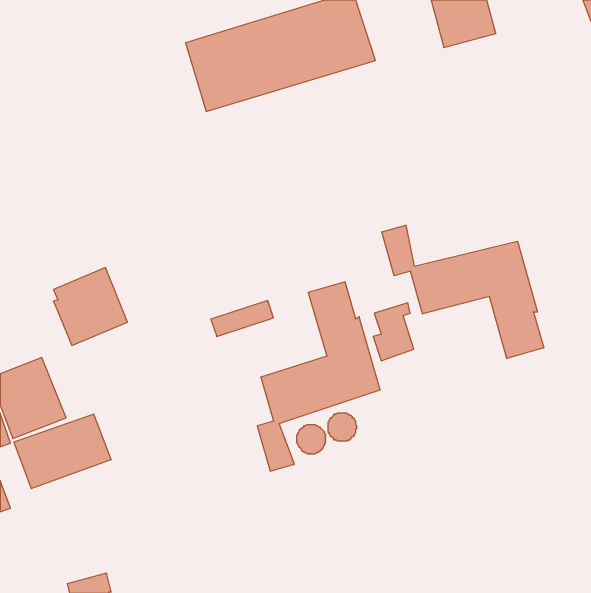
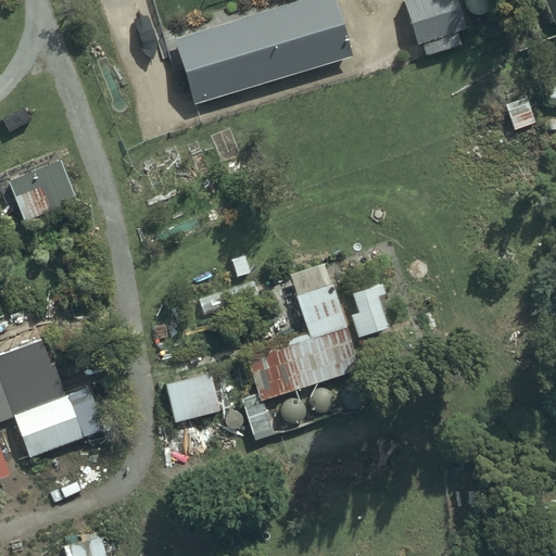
building: [382,225,544,359] -> none
building: [53,268,128,345] -> [7,149,76,222]
building: none -> [166,374,220,422]

